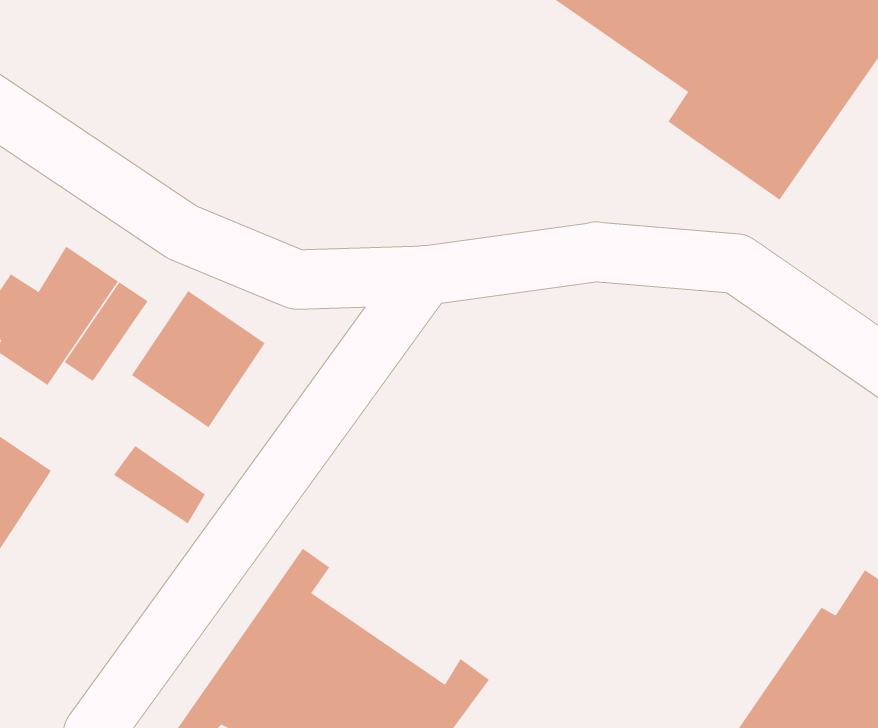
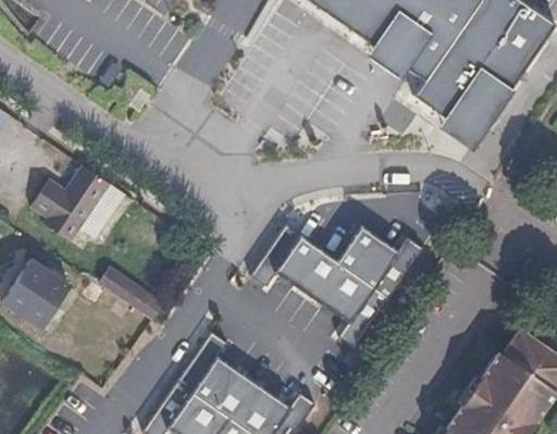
building: [131,290,265,428] -> none
building: none -> [250,222,423,345]

